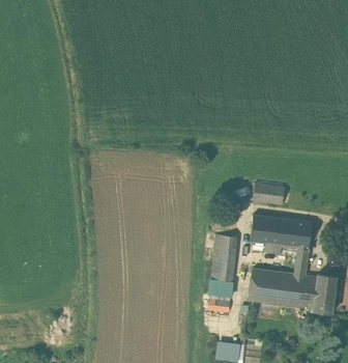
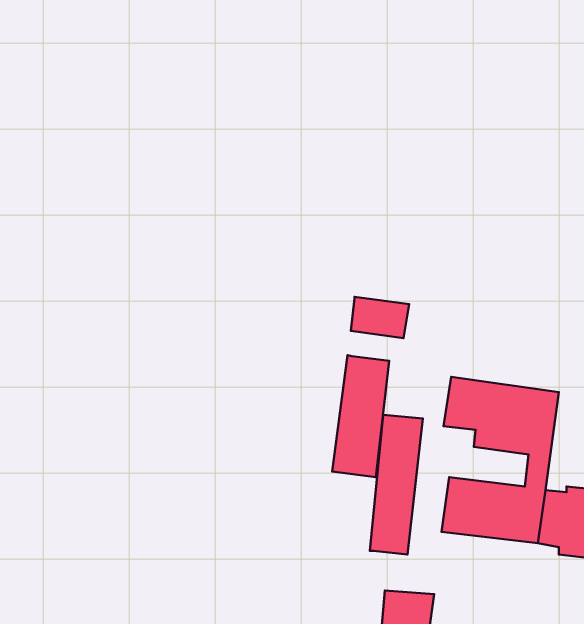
building: [253,183,285,205] -> [351,297,409,338]
building: none -> [332,355,389,477]

